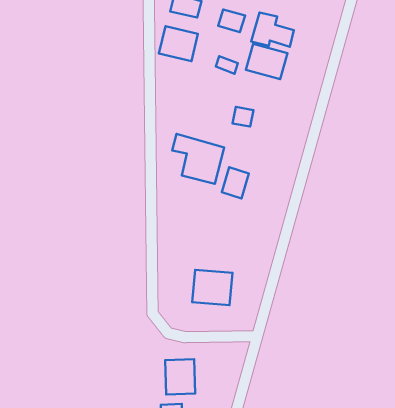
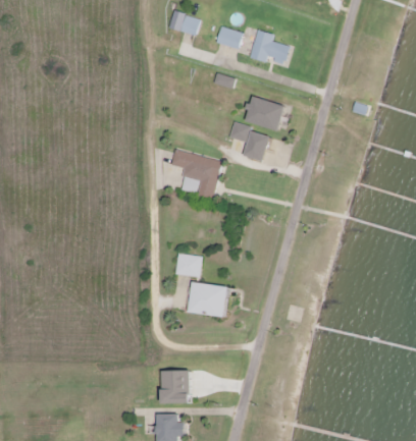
building: [159,26,198,61] -> none
building: [246,44,287,79] -> [245,96,285,130]
building: [222,167,249,198] -> [244,130,270,161]
building: none -> [174,254,202,278]

